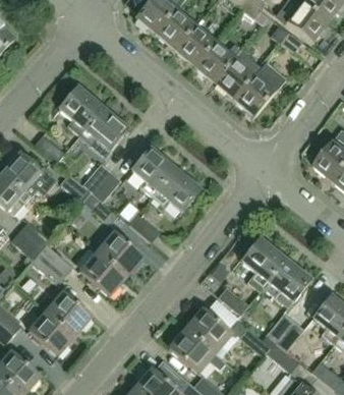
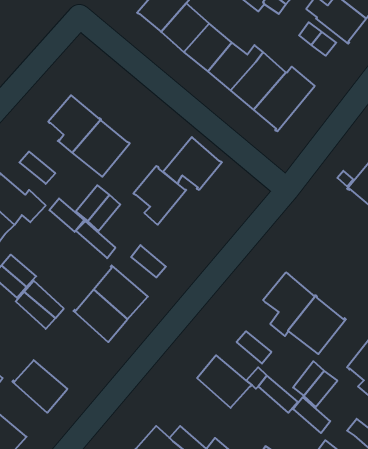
building: [152,167,202,212] -> [163,137,222,190]
building: [47,291,92,336] -> none
building: [168,327,226,373] -> none

